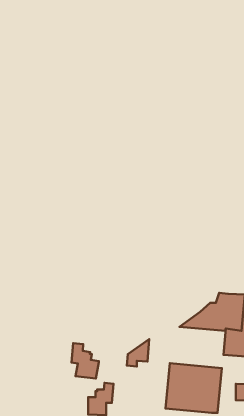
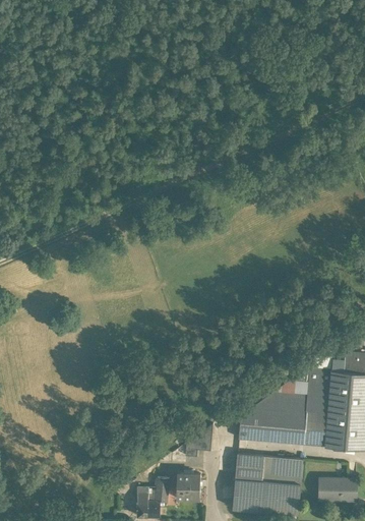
building: none -> [238,408,305,443]
building: [71,343,99,379] -> none
building: none -> [176,473,199,499]

